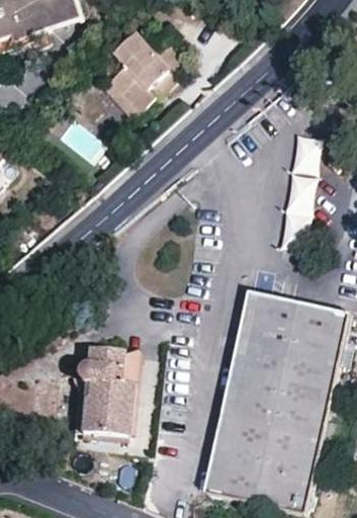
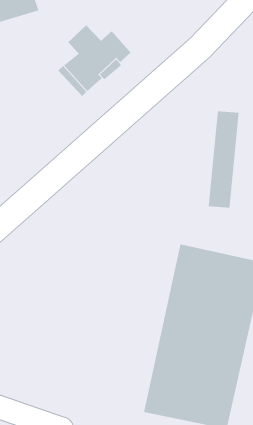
building: [73,349,131,438] -> none

